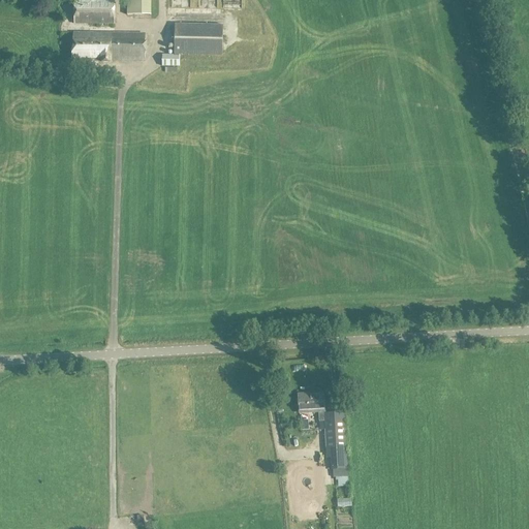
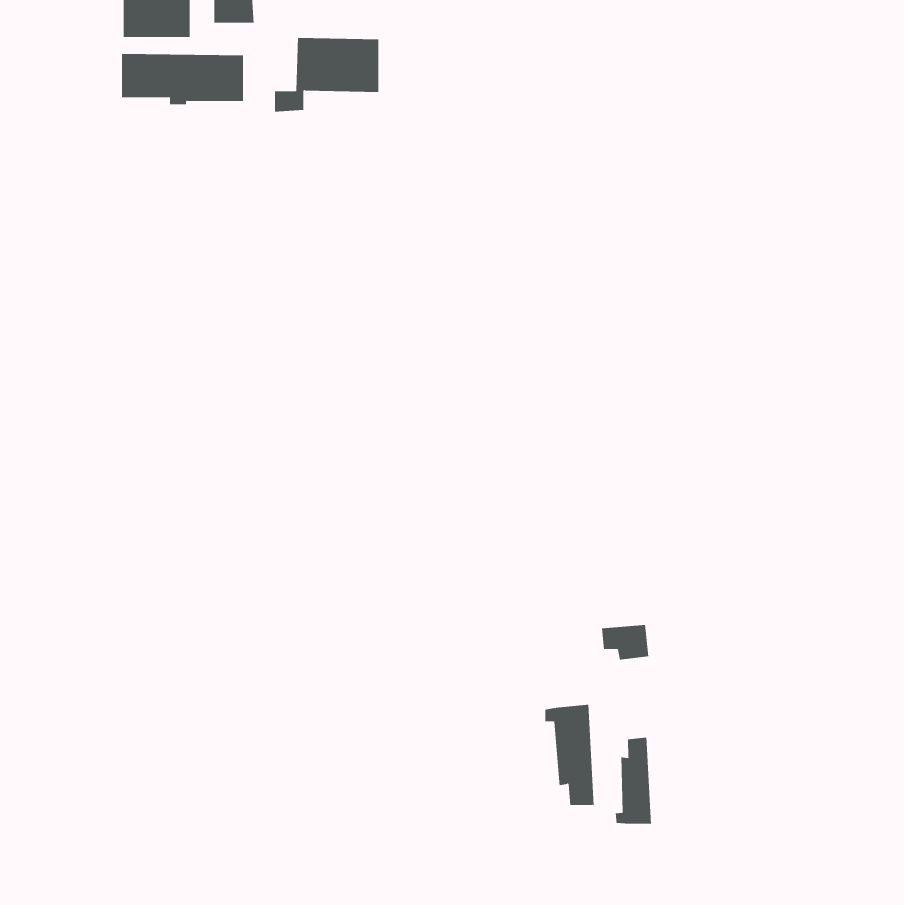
building: [294,391,322,411] -> [601,625,649,660]
building: none -> [615,737,651,824]

